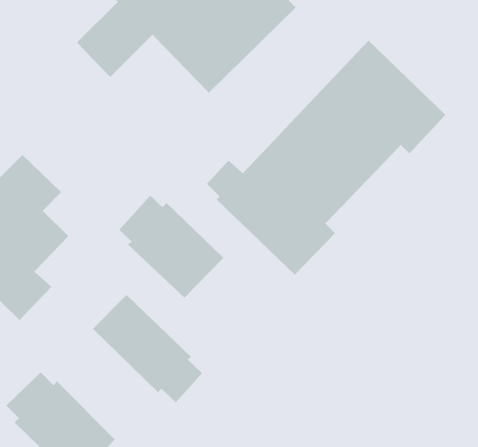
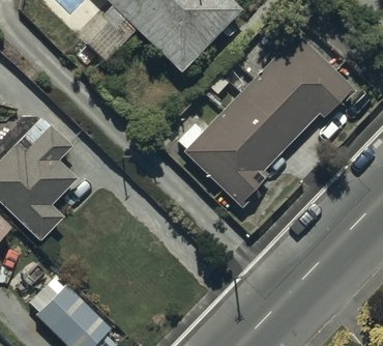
building: [119,195,224,298] -> none
building: [92,294,203,403] -> none

